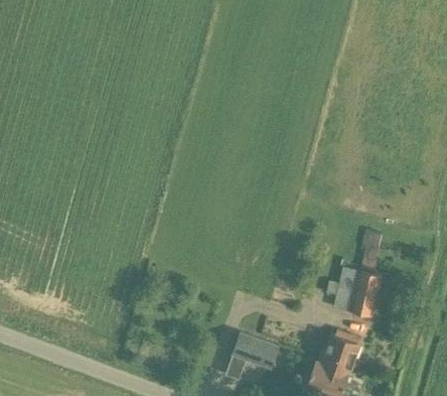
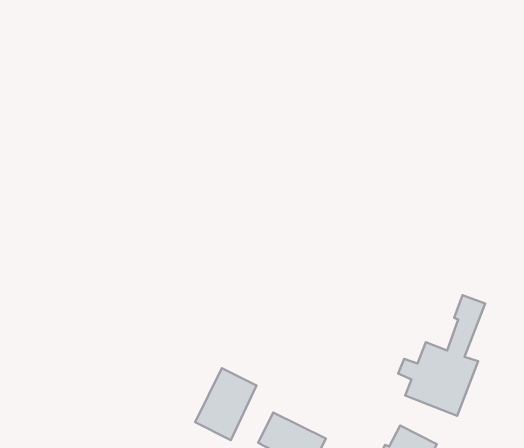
building: none -> [195,368,256,440]

